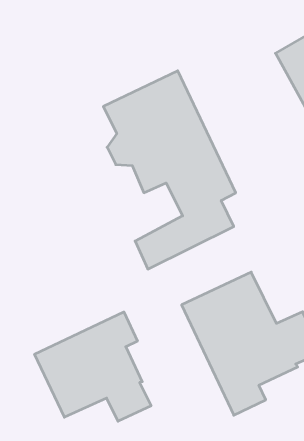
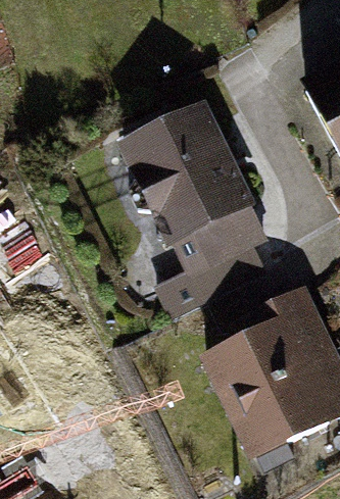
building: [35,312,151,421] -> none

